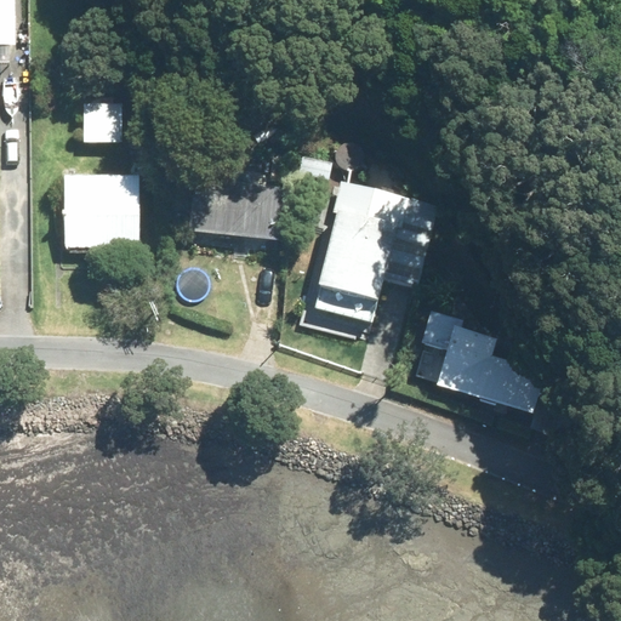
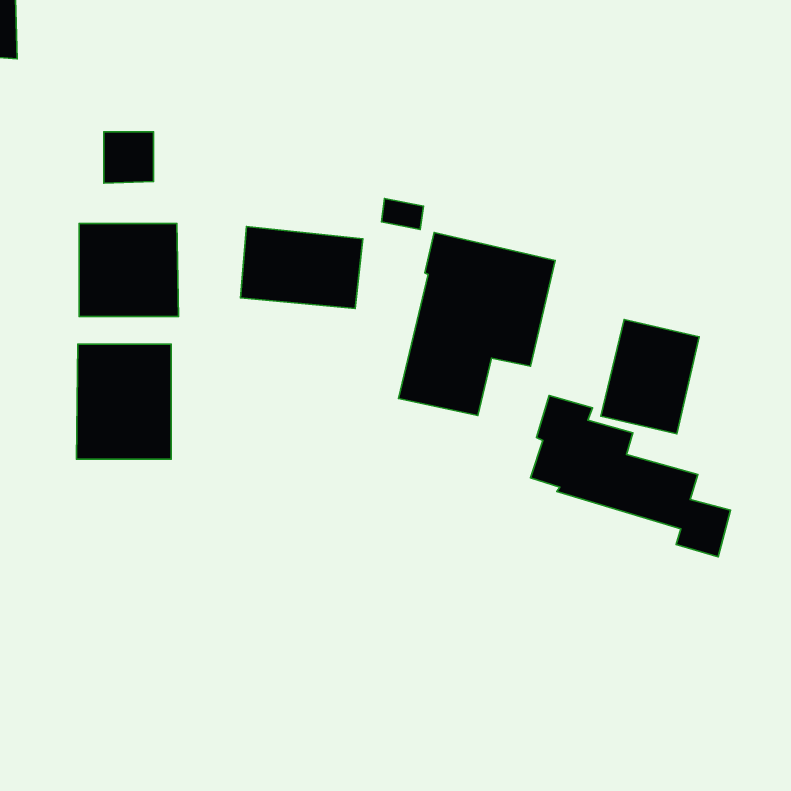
building: none -> [601,319,699,434]
building: none -> [76,344,171,459]

